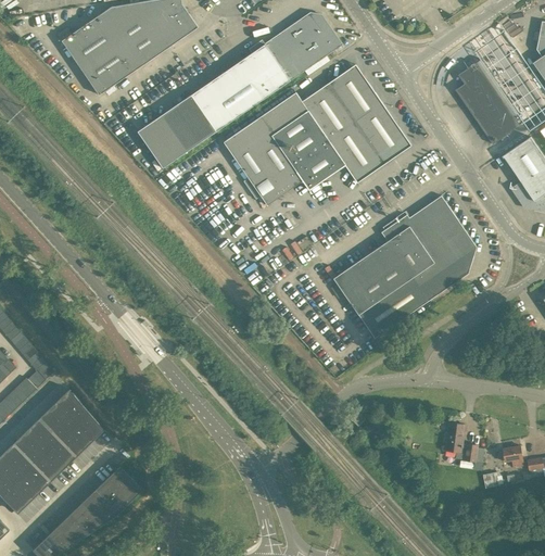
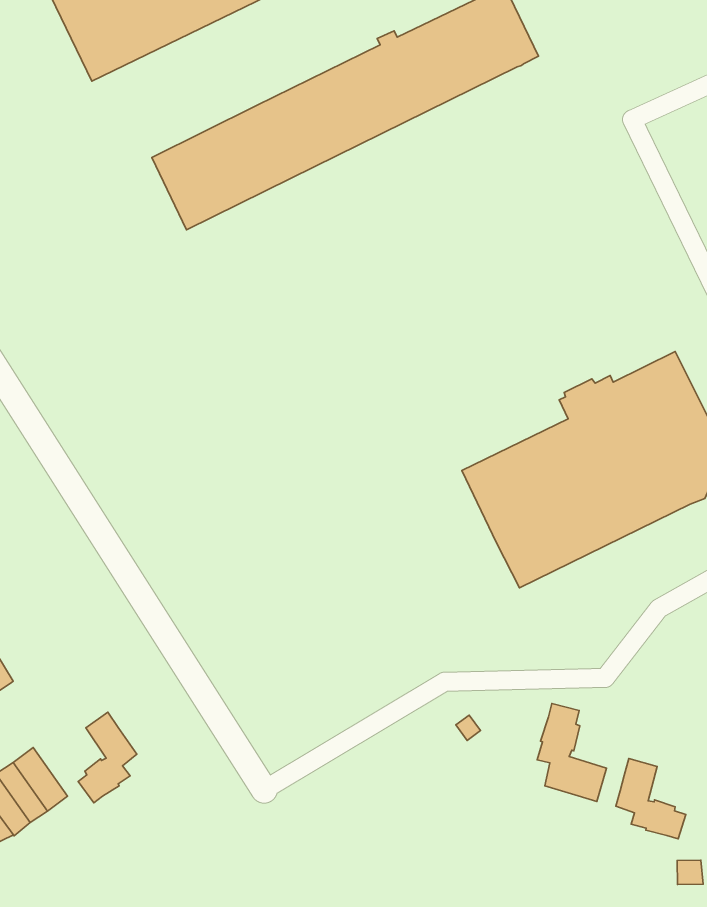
building: [224,64,411,205] -> none
building: none -> [537,703,606,802]
building: none -> [78,712,137,803]

